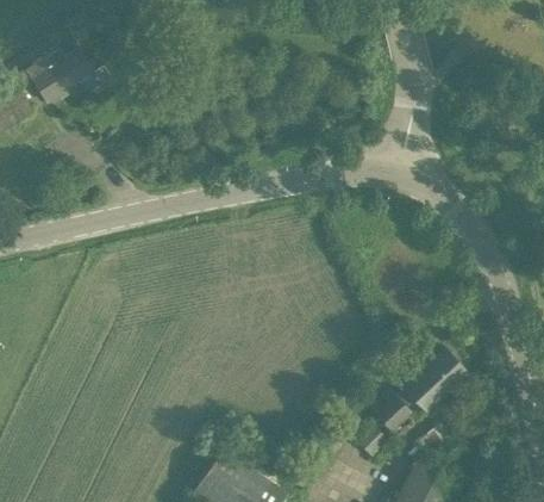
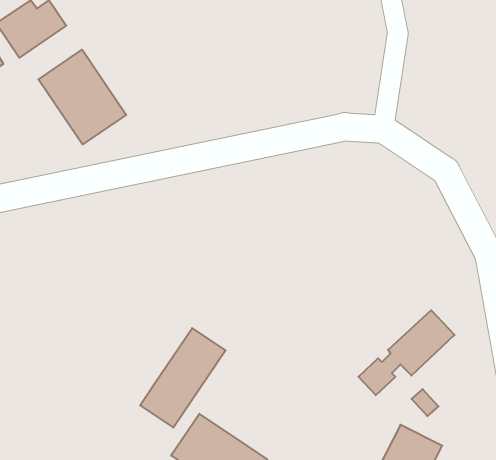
building: none -> [38,50,126,144]
building: none -> [140,328,226,428]

